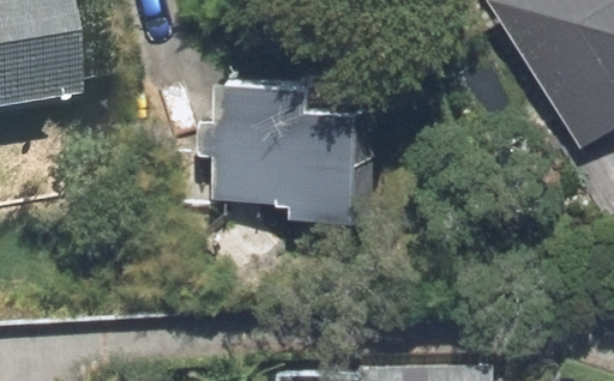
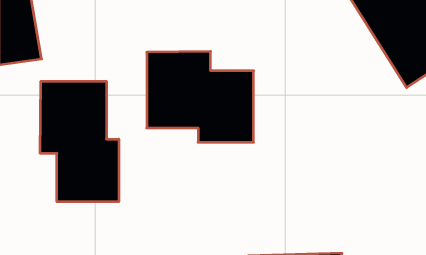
building: none -> [40,81,119,202]

